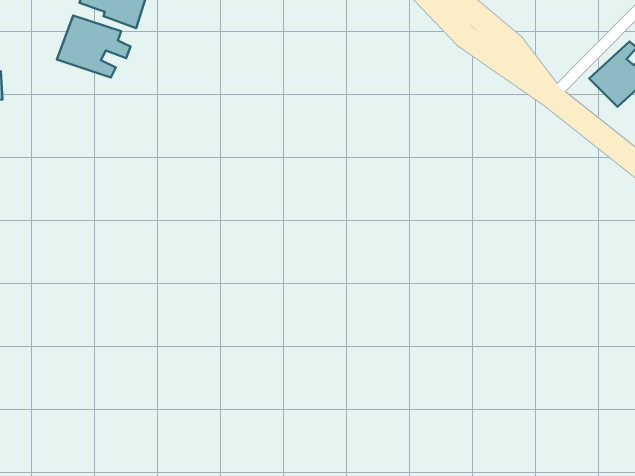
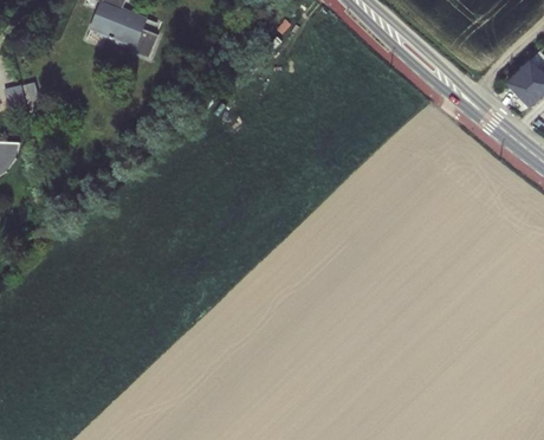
building: [57,15,131,77] -> none

